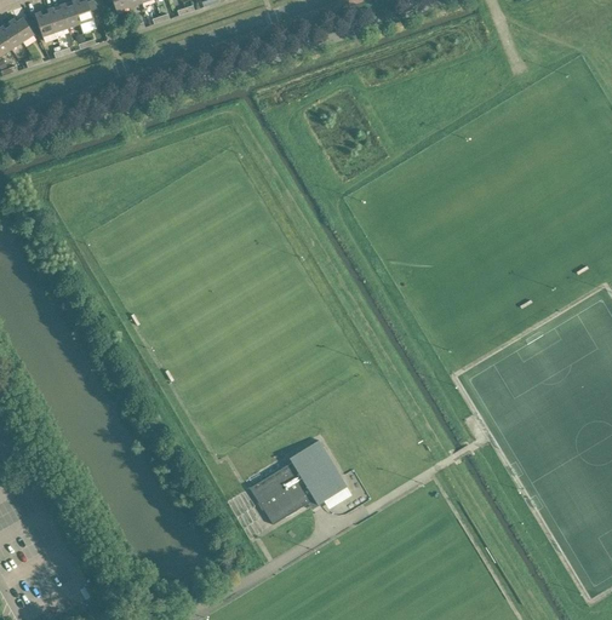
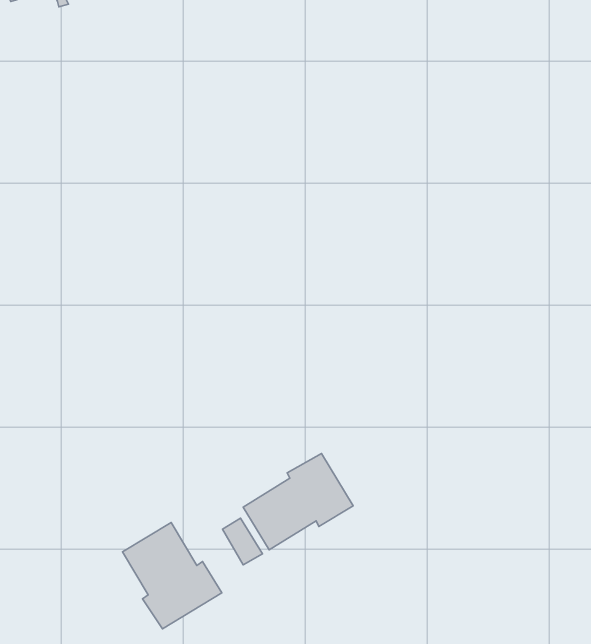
building: none -> [123,522,222,629]

